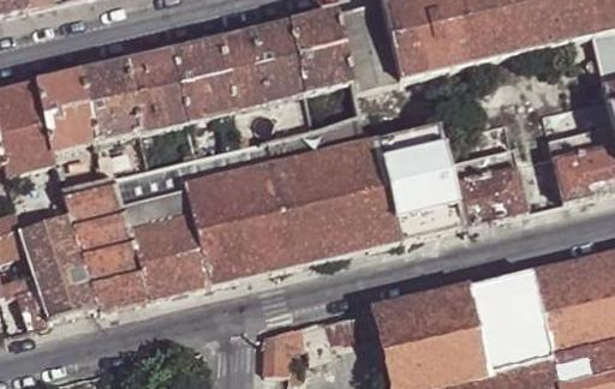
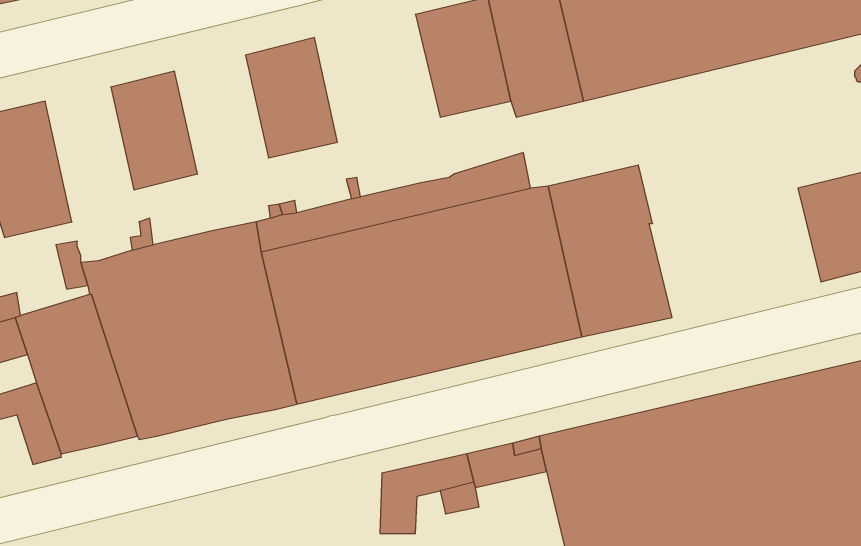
building: [220,22,305,108] -> none
building: [125,49,189,130] -> none
building: [37,71,97,151] -> none
building: [447,148,529,227] -> none

